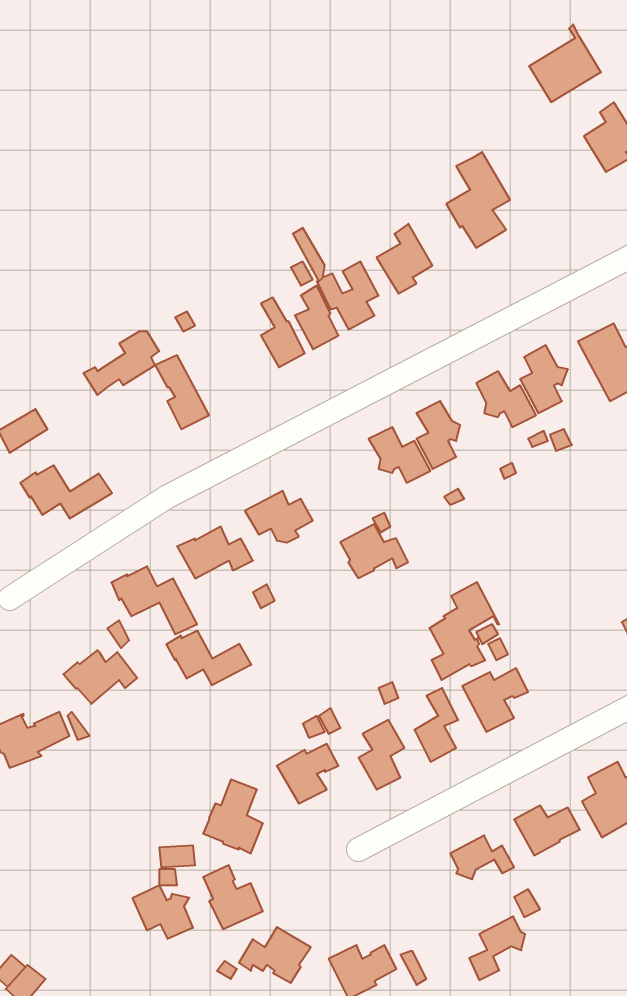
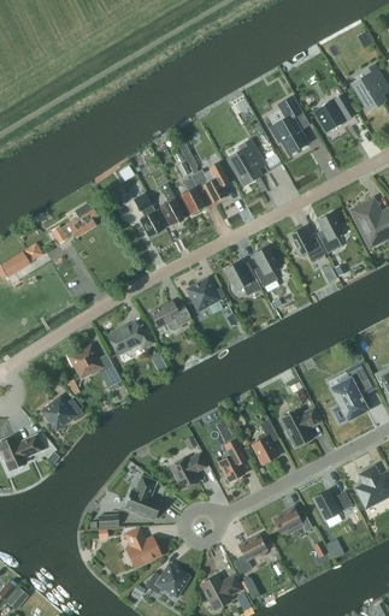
building: [529,24,601,102] -> [312,87,355,134]
building: [155,355,209,429] -> [132,192,165,237]
building: [20,465,112,519] -> none
building: [340,524,408,578] -> [187,279,228,312]
building: [429,582,499,680] -> [332,363,375,422]
building: [166,631,251,685] -> none
building: [133,885,193,939] -> none
building: [469,916,525,980] -> [232,535,266,574]

